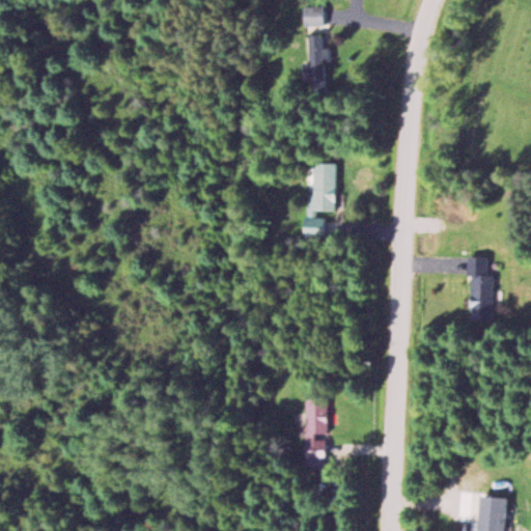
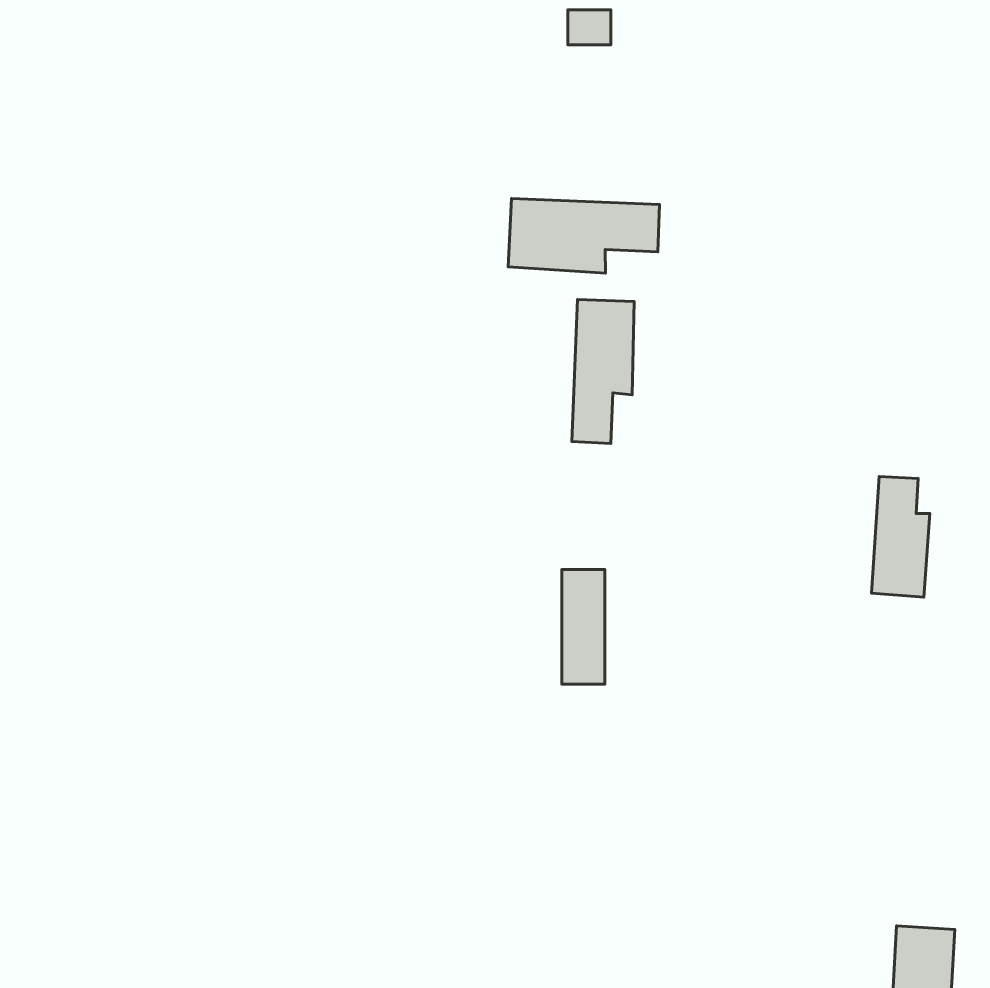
building: none -> [508,198,659,273]
building: [305,399,328,460] -> [562,569,605,684]

